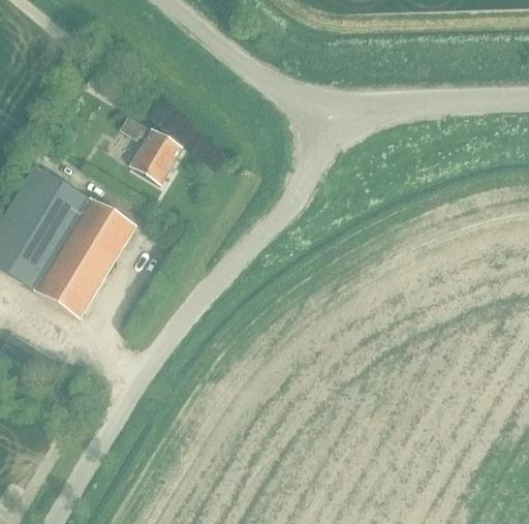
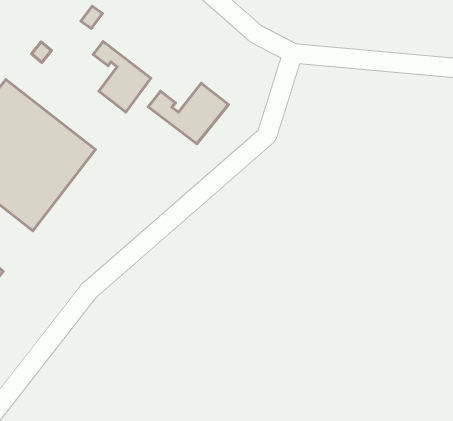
building: none -> [148,83,229,144]

